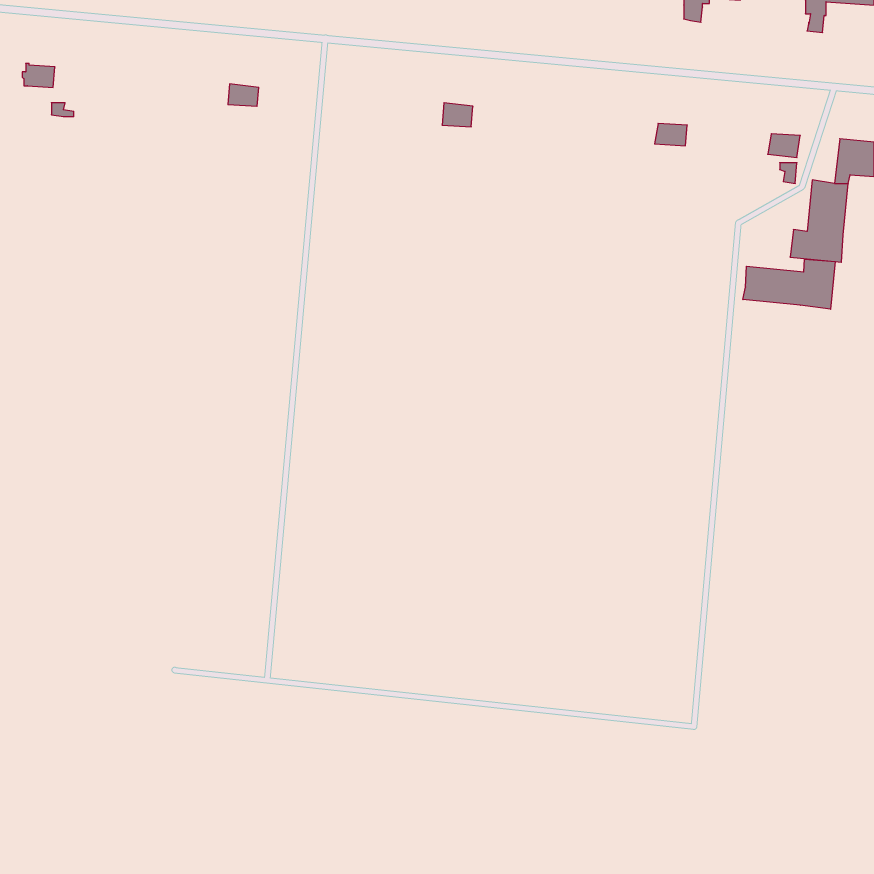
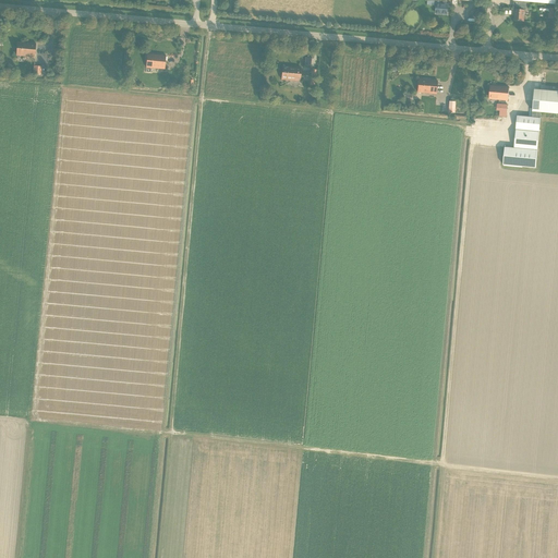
building: [743,259,835,309] -> none

